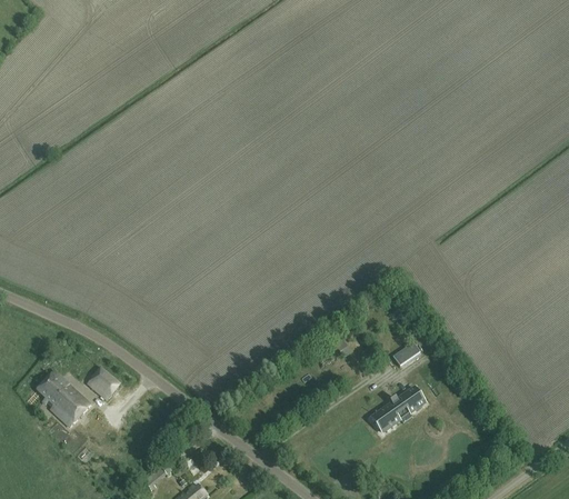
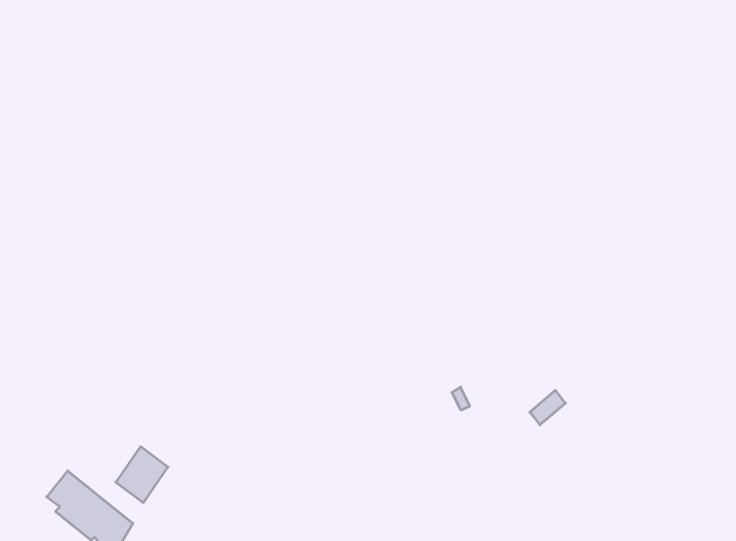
building: [372,387,425,431] -> none

